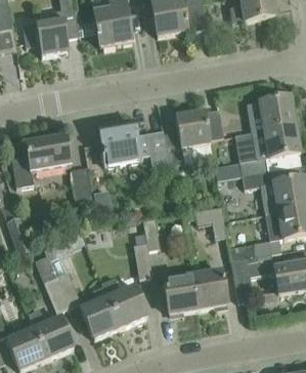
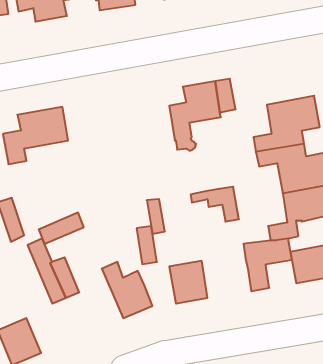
building: [247,95,295,131] -> none
building: [98,122,168,168] -> none
building: [71,164,93,202] -> none
building: [192,268,227,307] -> none
building: [81,281,121,337] -> none
building: [29,307,74,358] -> none

